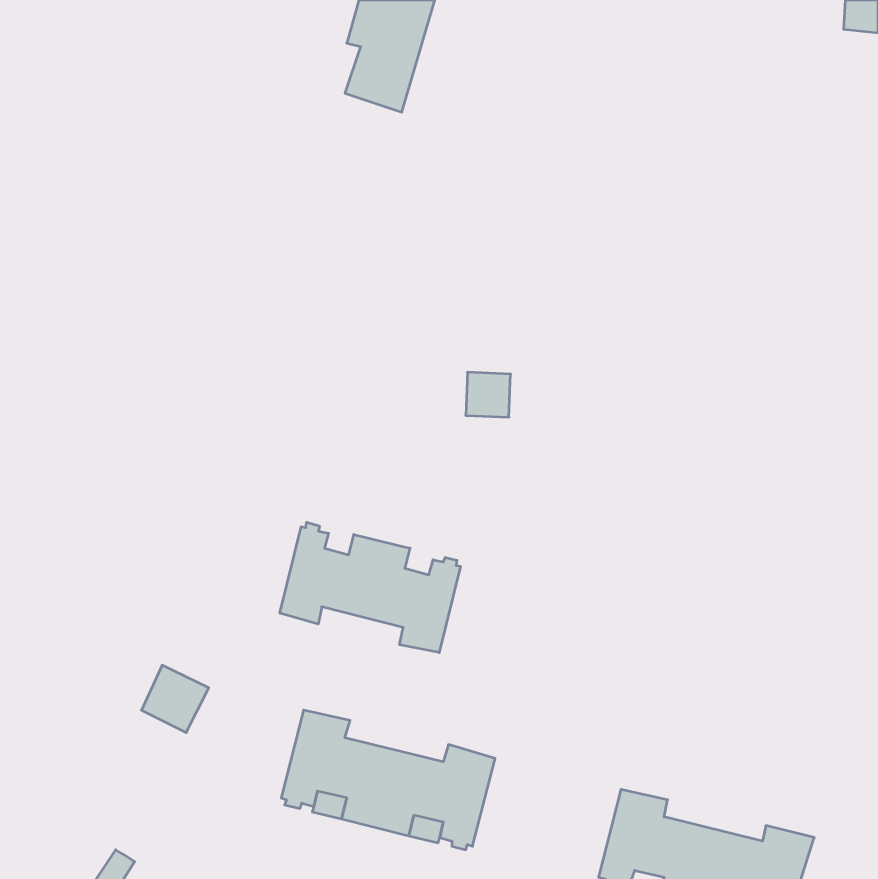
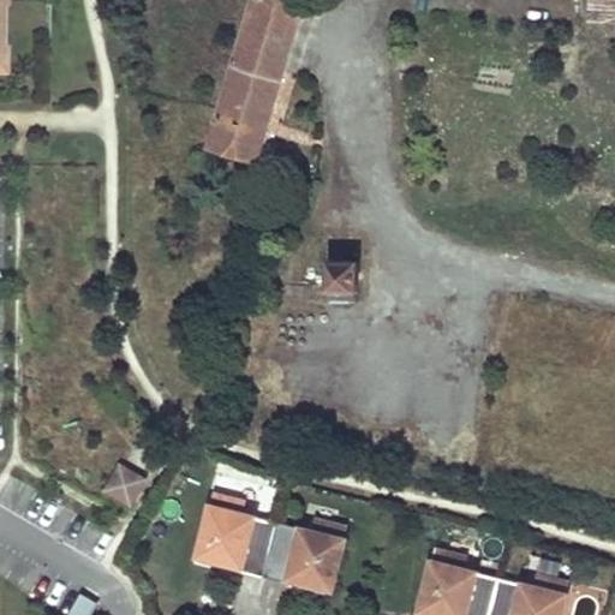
building: none -> [205,31,280,166]
building: [280,522,460,653] -> none

